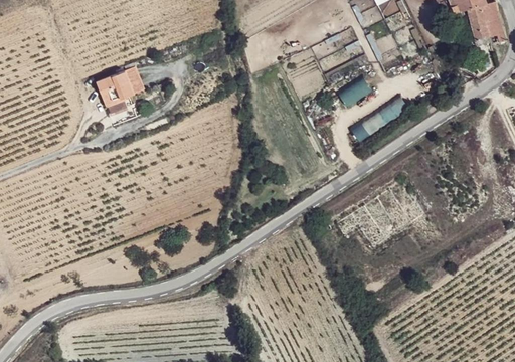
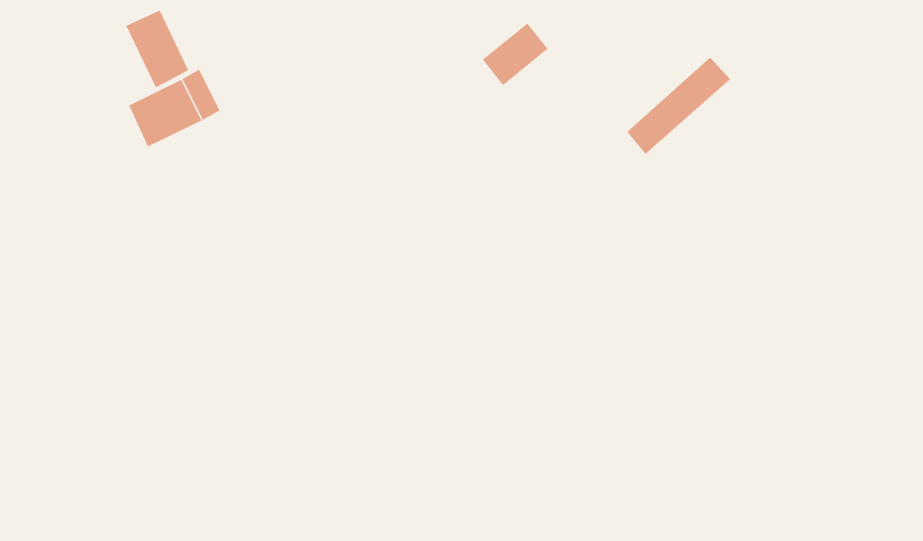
building: none -> [125,9,189,89]
building: [337,76,372,108] -> [482,22,549,86]

